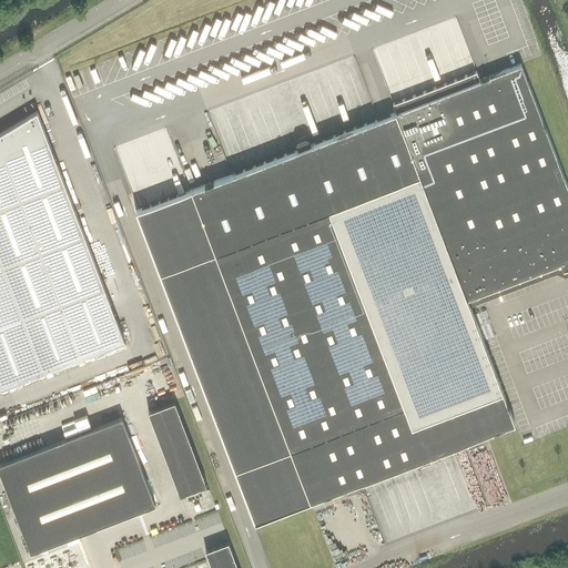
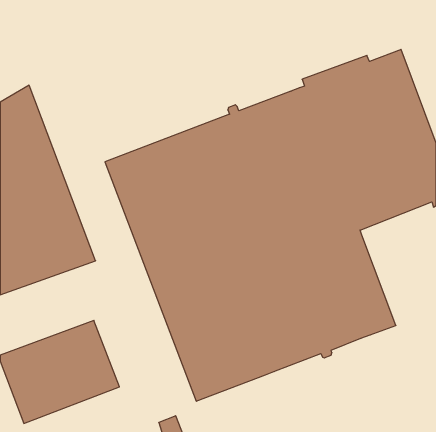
building: [148,405,202,499] -> none

